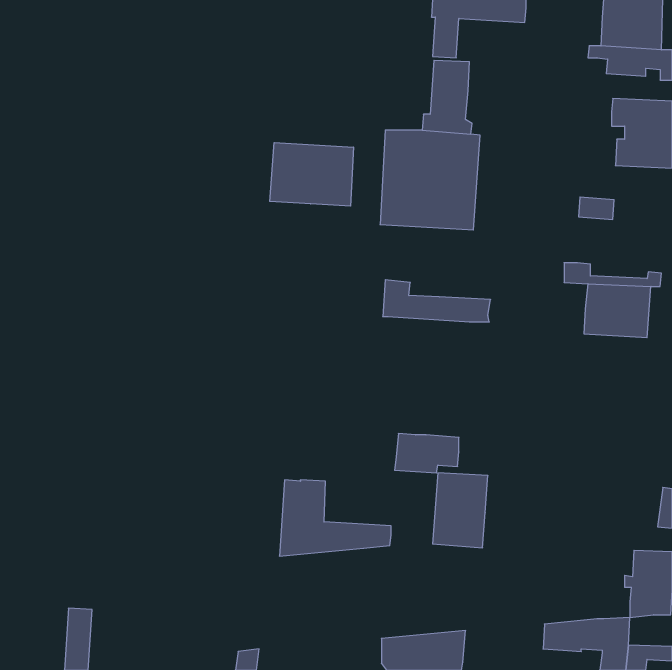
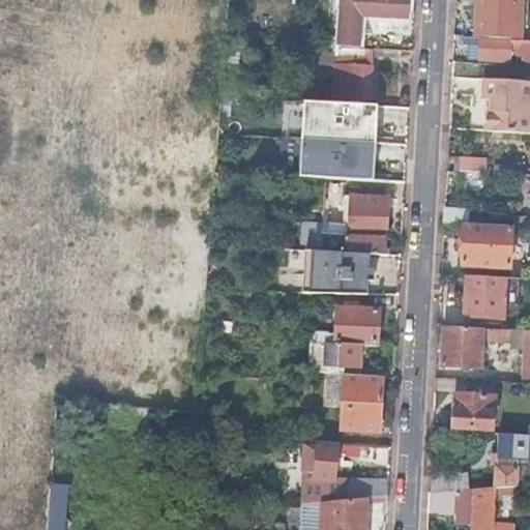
building: [270,143,353,206] -> none
building: none -> [322,195,387,236]
building: none -> [302,249,374,294]
building: none -> [465,274,505,318]
building: none -> [314,301,379,345]
building: none -> [441,325,513,366]
building: [279,480,391,556] -> [300,443,388,503]
building: none -> [452,384,495,430]

